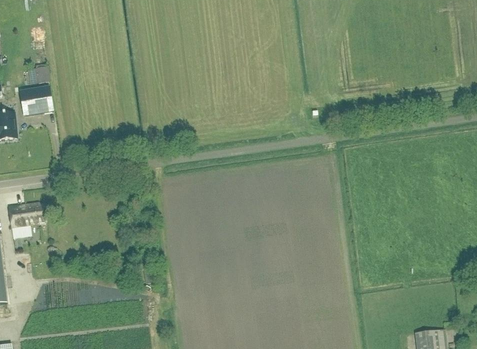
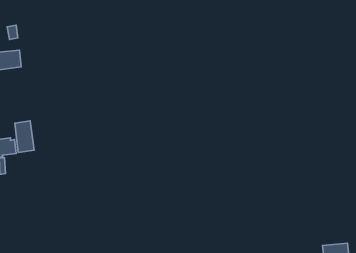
building: none -> [15,121,34,152]

